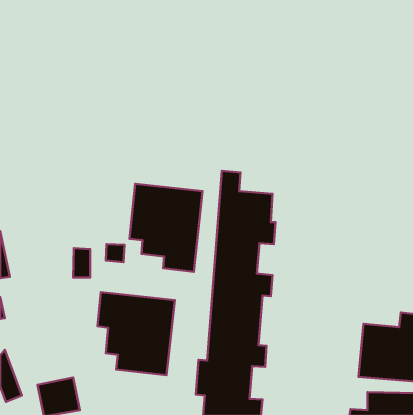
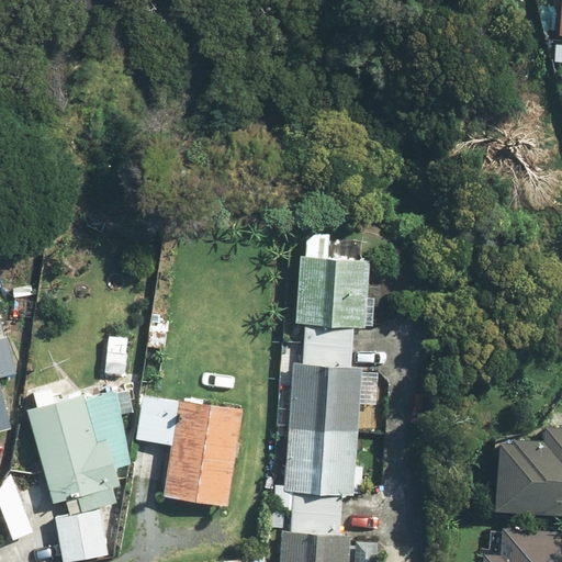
building: [129,184,203,272] -> none
building: none -> [23,385,135,512]

